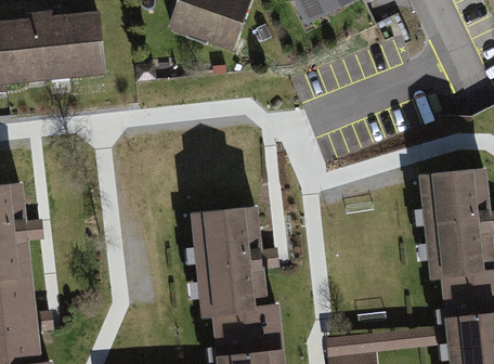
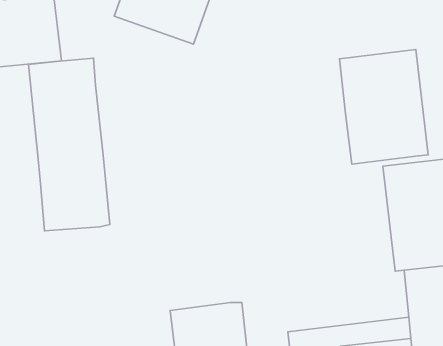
building: none -> [339,50,428,164]
building: none -> [28,58,110,231]
building: [191,206,270,315] -> none

